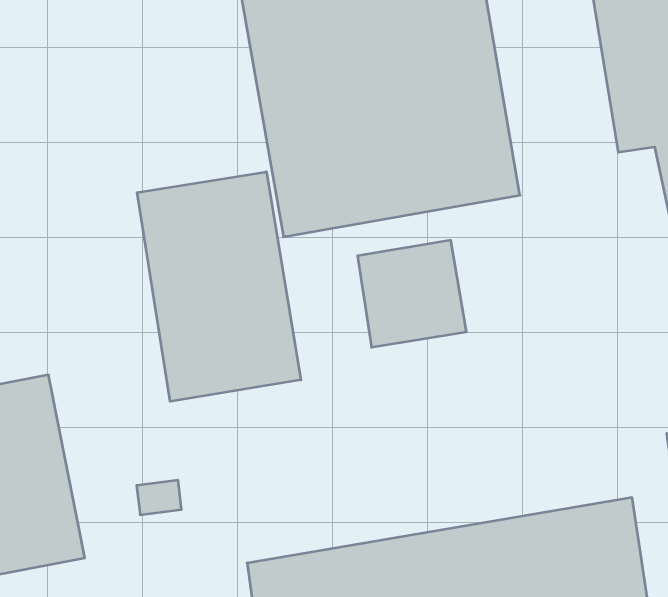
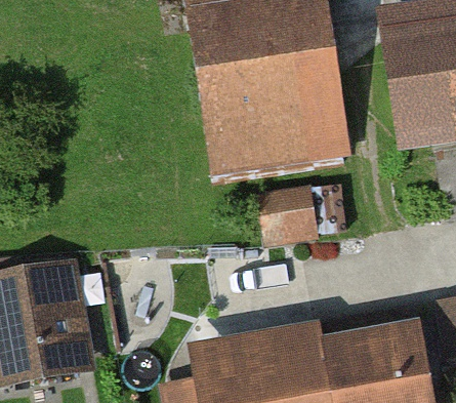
building: [137,172,301,401] -> none

